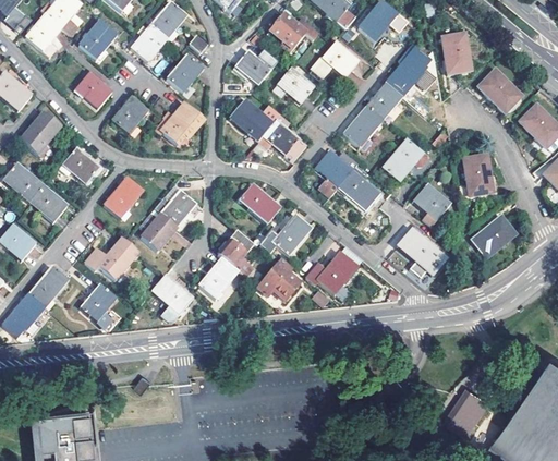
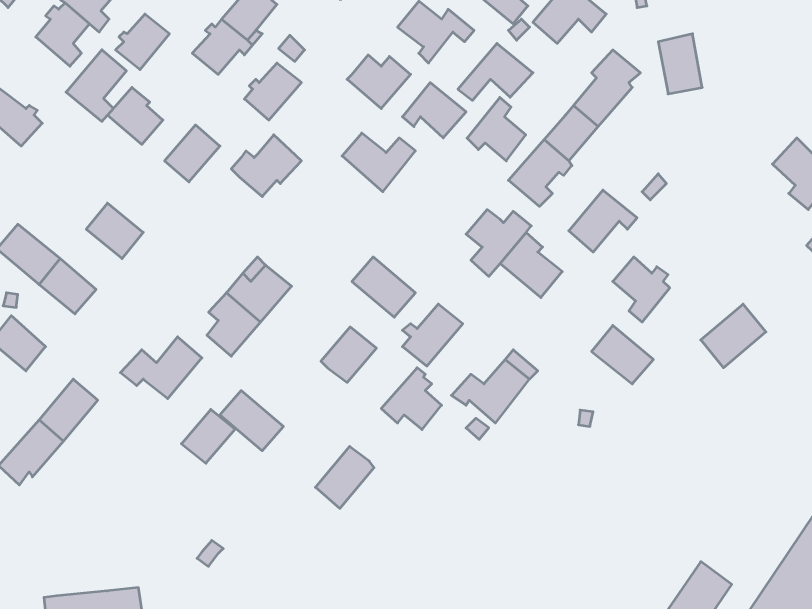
building: [477,69,521,112] -> none
building: [20,112,60,160] -> [66,50,126,121]
building: [258,112,298,155] -> [467,97,526,161]
building: [462,157,499,197] -> none
building: [102,177,143,218] -> none
building: [198,257,238,299] -> [315,446,374,508]
building: [80,283,116,319] -> [181,409,235,463]

